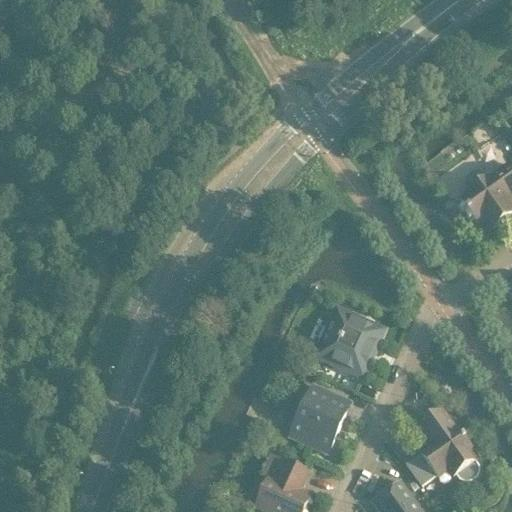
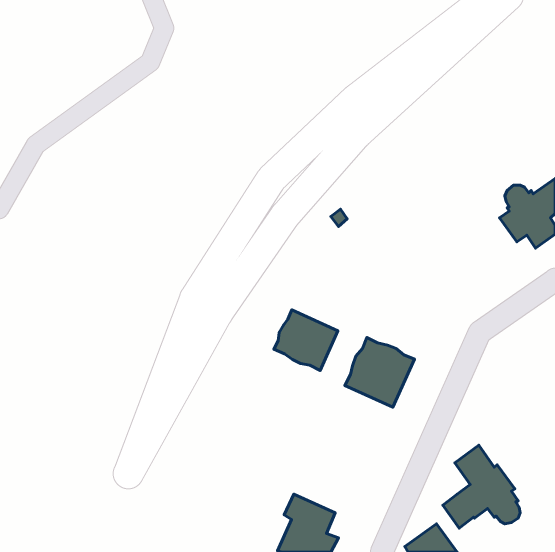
building: none -> [274,310,338,370]
building: [289,385,350,453] -> none

